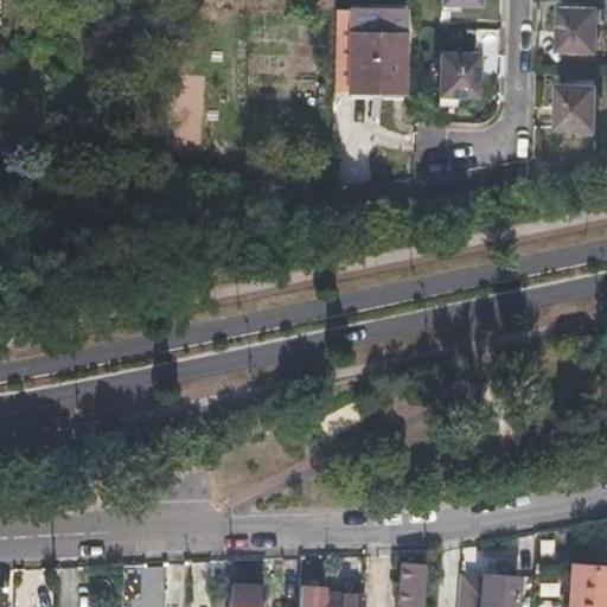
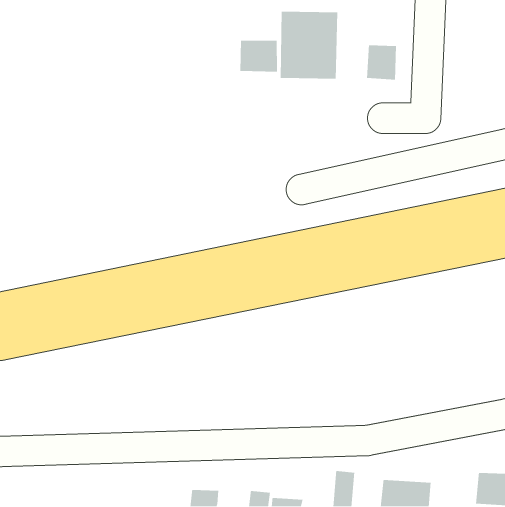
building: [561,8,599,50] -> none
building: none -> [240,40,278,72]
building: [558,87,596,128] -> none

